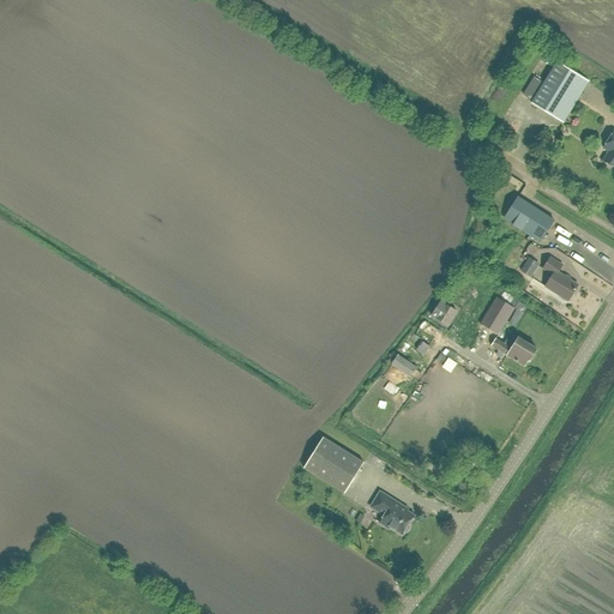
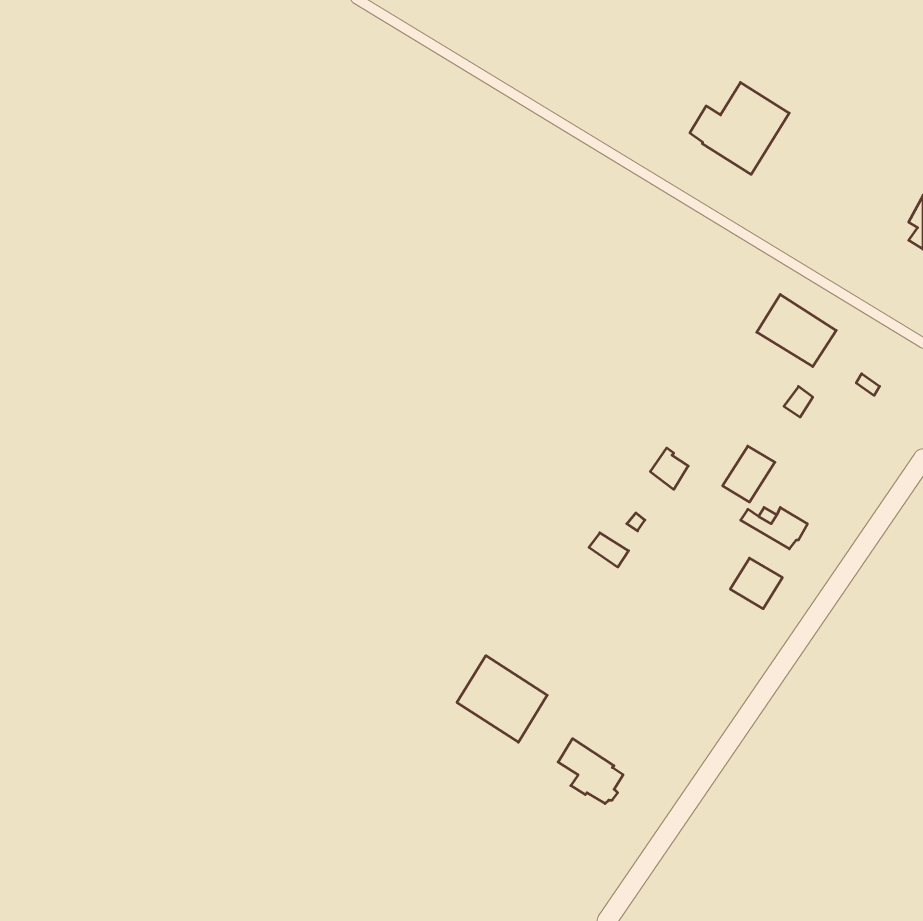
building: [524,61,590,122] -> [690,82,789,174]
building: [542,257,578,300] -> none
building: none -> [730,558,782,609]

